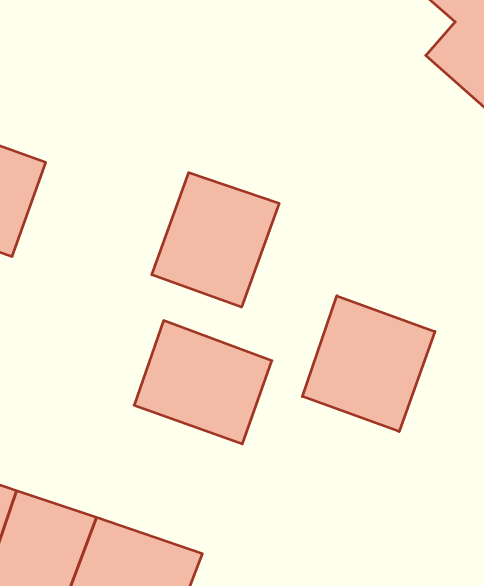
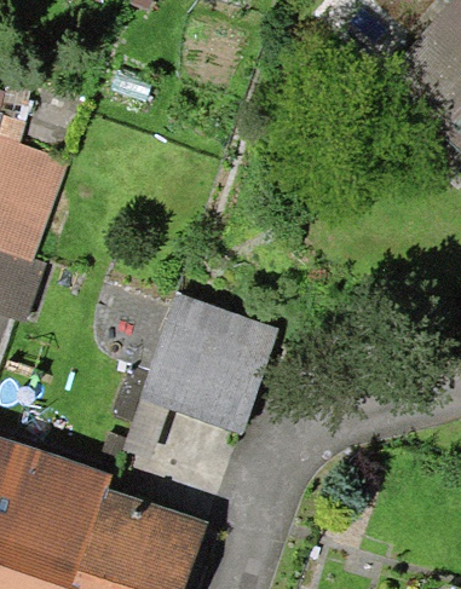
building: [152,173,279,307] -> none
building: [302,296,435,432] -> none

